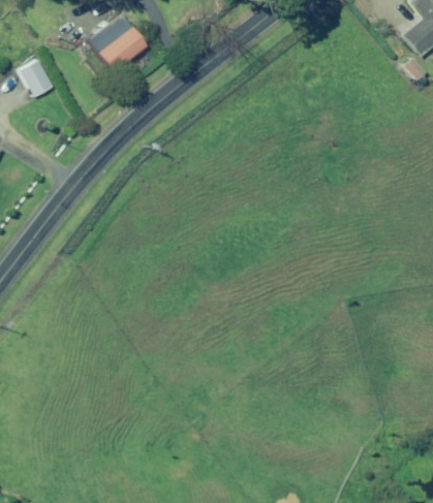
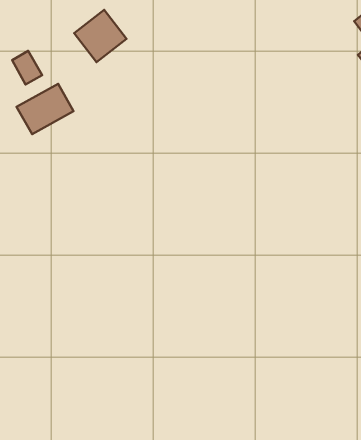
building: none -> [17,84,73,134]

